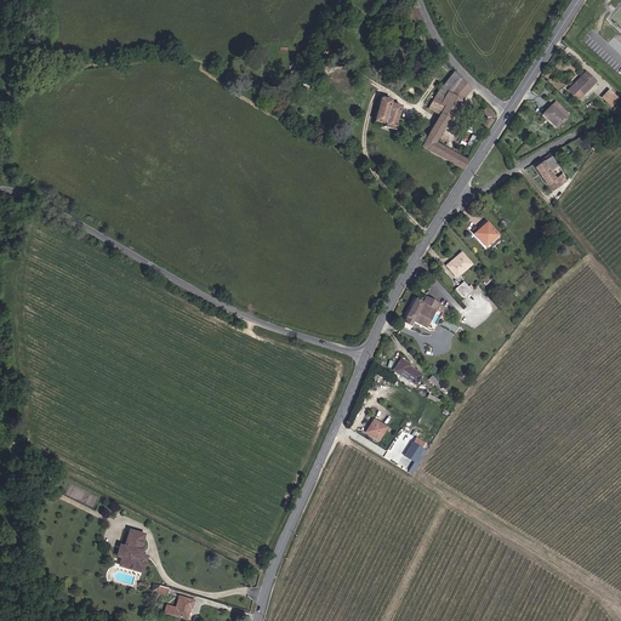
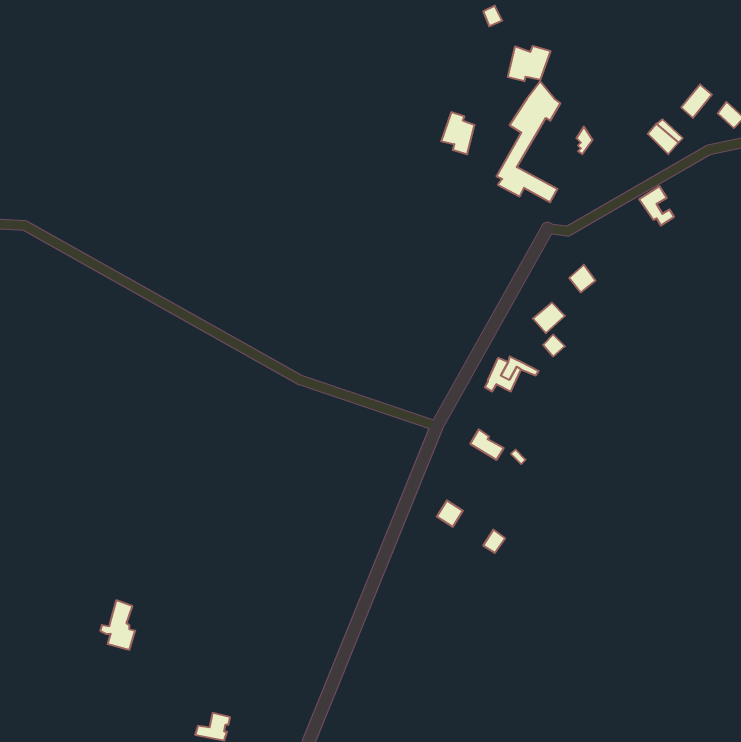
building: none -> [508,46,550,81]
building: [118,530,147,571] -> [100,600,135,650]

